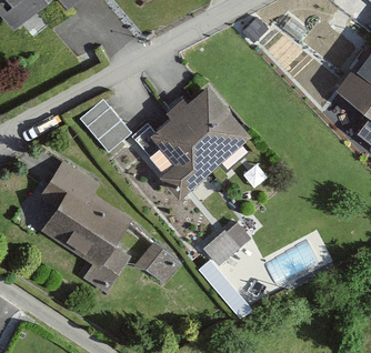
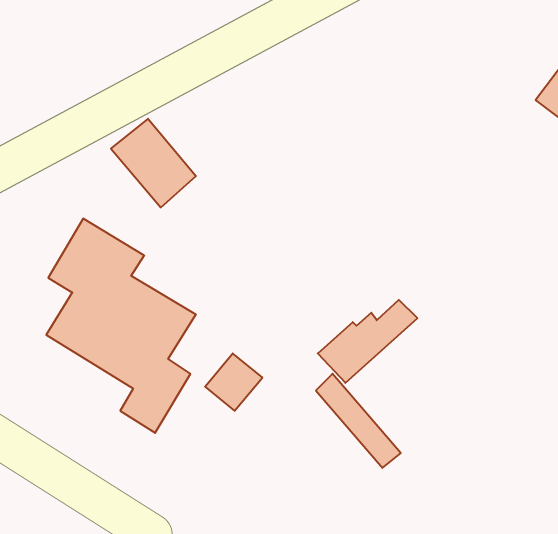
building: [150,88,249,191] -> none

